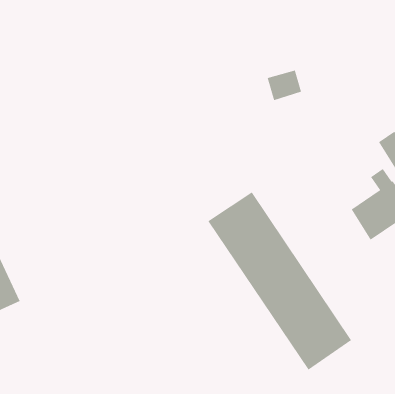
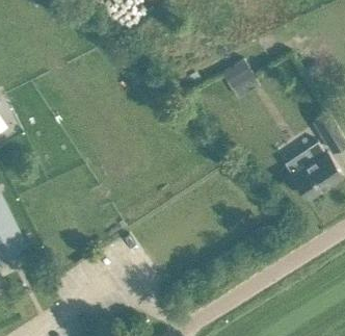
building: [207,191,352,371] -> none

